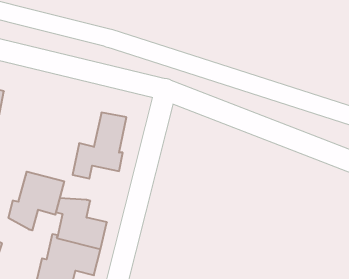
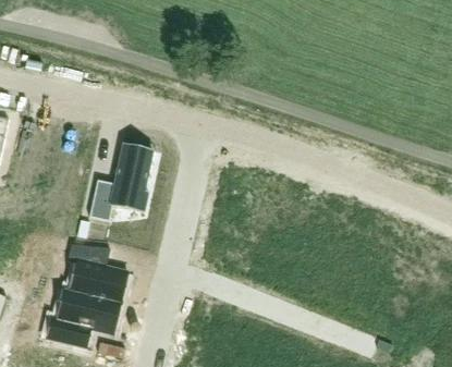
building: [9,172,64,230] -> none

